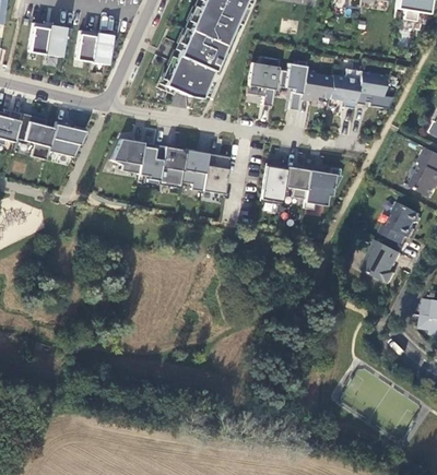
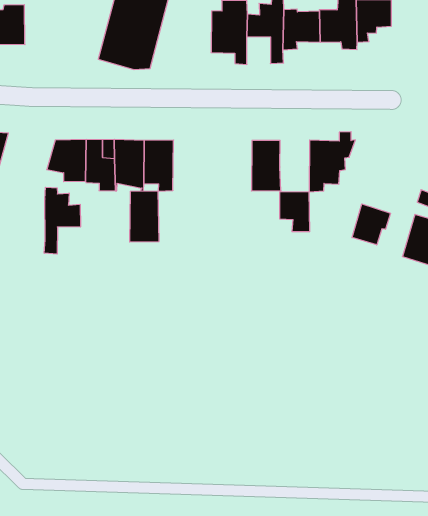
building: [202,154,229,194] -> [130,191,159,242]
building: [284,167,309,200] -> [280,192,310,232]
building: none -> [44,187,80,254]
building: none -> [352,204,391,245]

